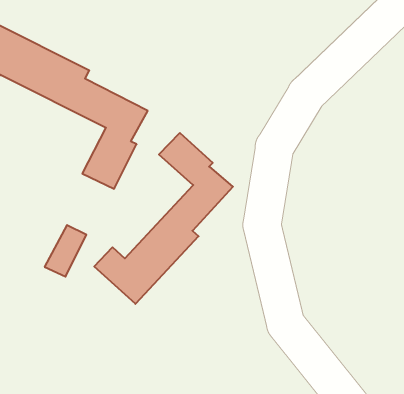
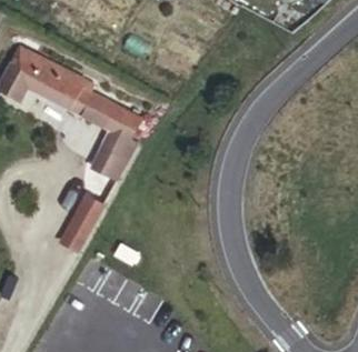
building: [94,133,233,304] -> none

